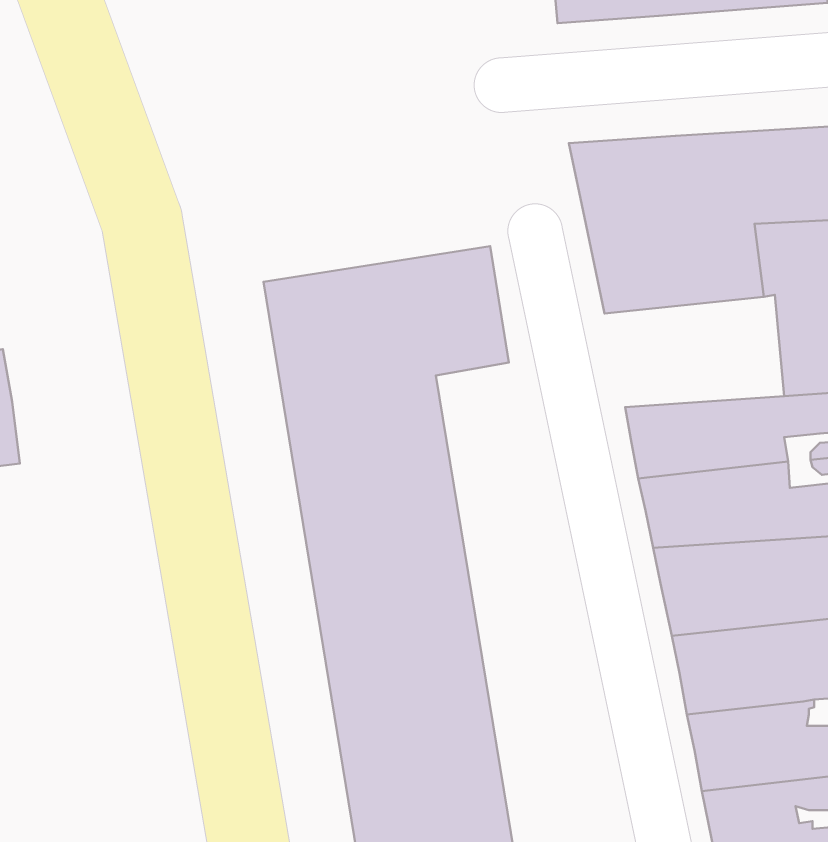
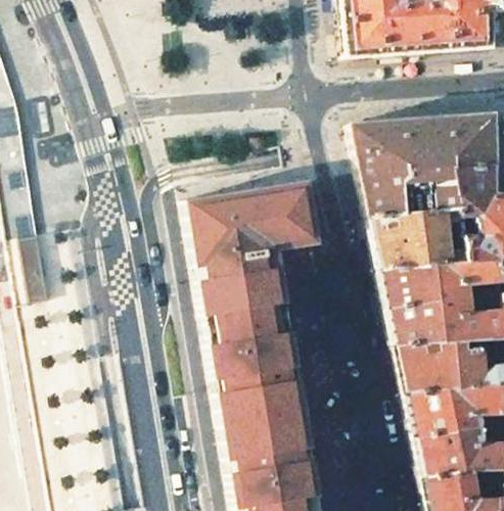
building: none -> [372,205,470,267]

